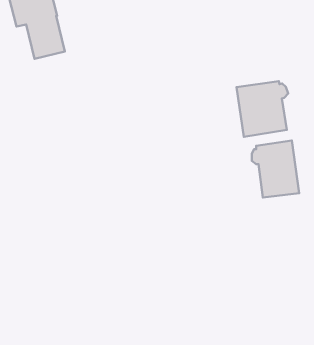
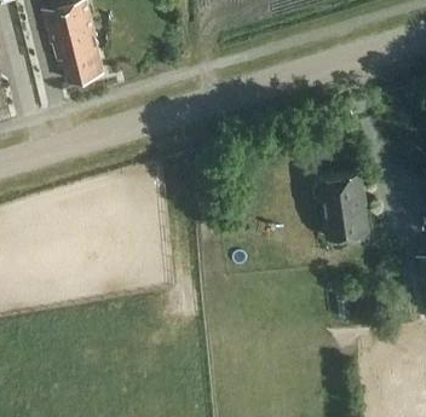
building: [237,81,288,137] -> none

